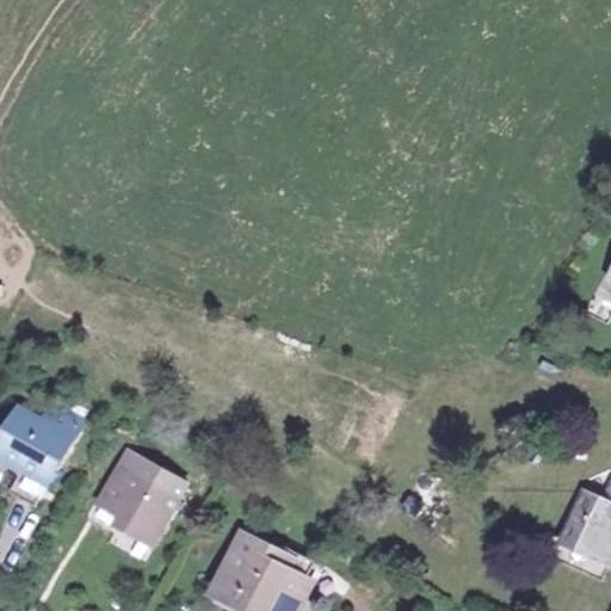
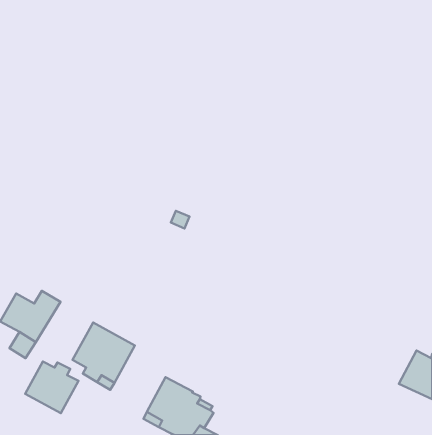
building: none -> [25,361,79,413]

